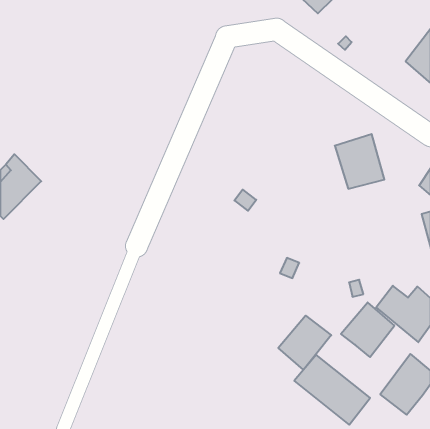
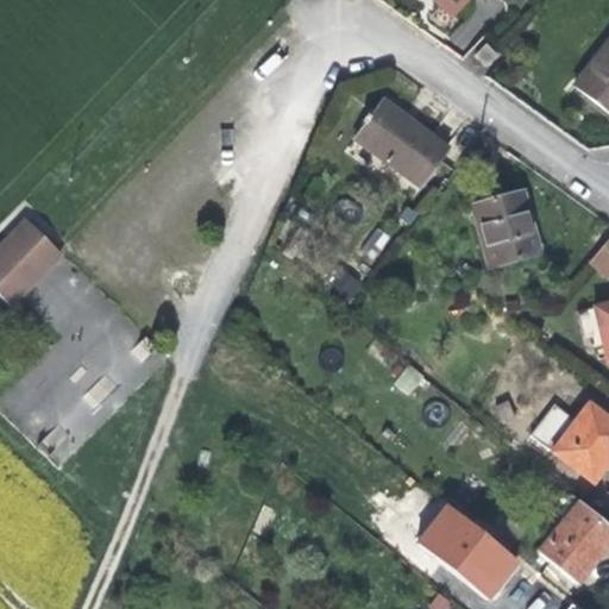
building: none -> [352,100,446,182]
building: [341,302,394,357] -> none
building: [278,316,331,370] -> none

